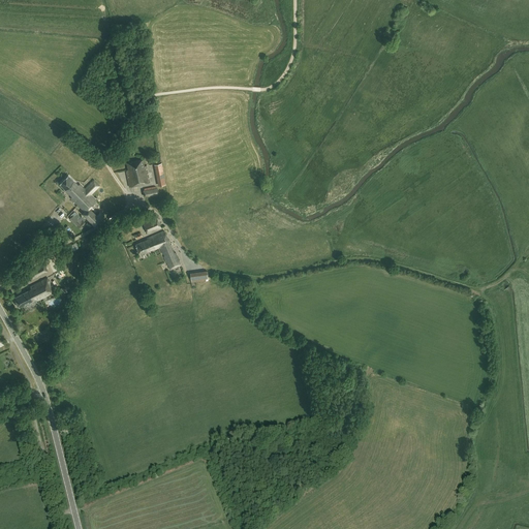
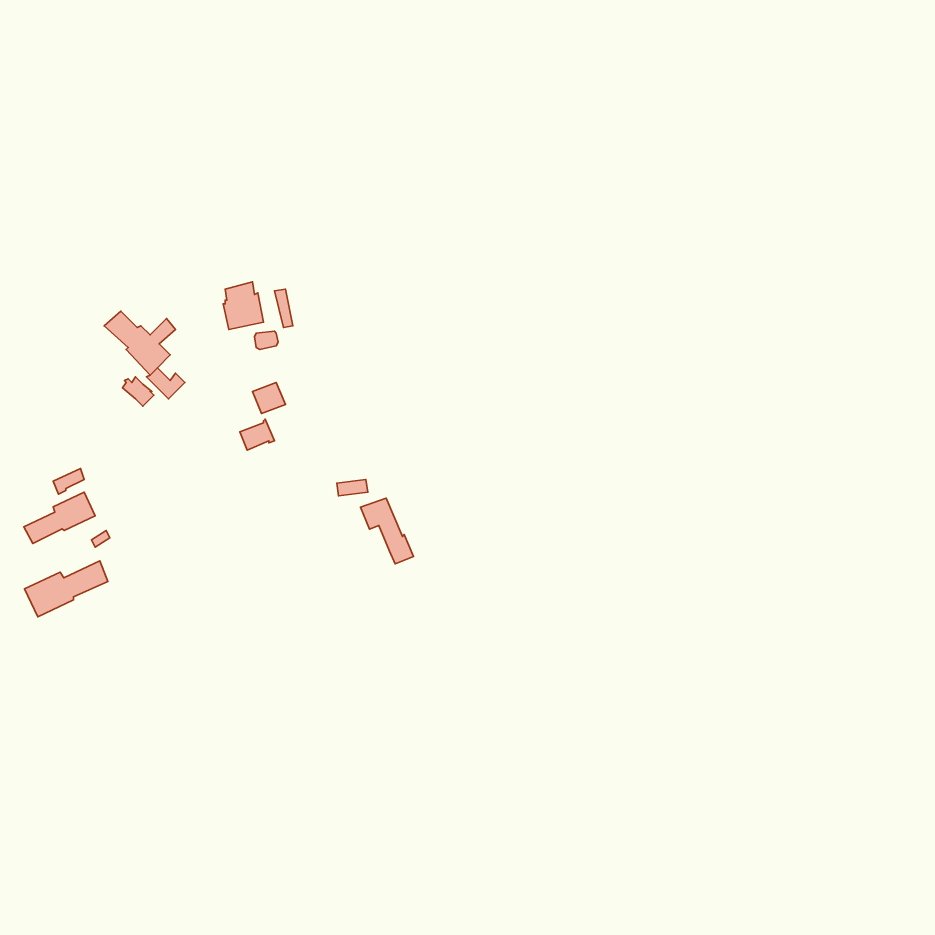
building: [150,231,180,269] -> [360,498,413,564]
building: none -> [24,561,108,617]

